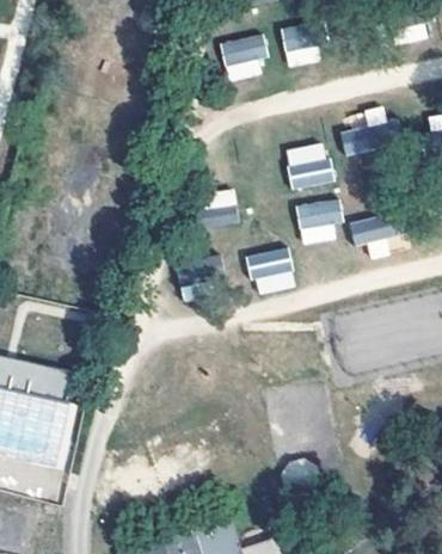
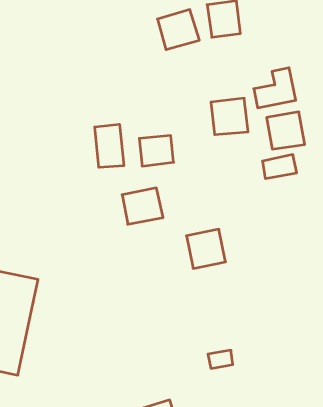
building: none -> [95,124,124,167]
building: [295,198,343,245] -> [267,112,305,149]
building: [247,247,296,296] -> [186,229,226,268]

